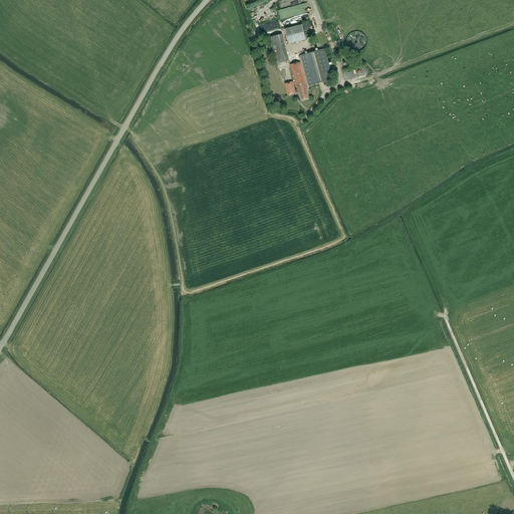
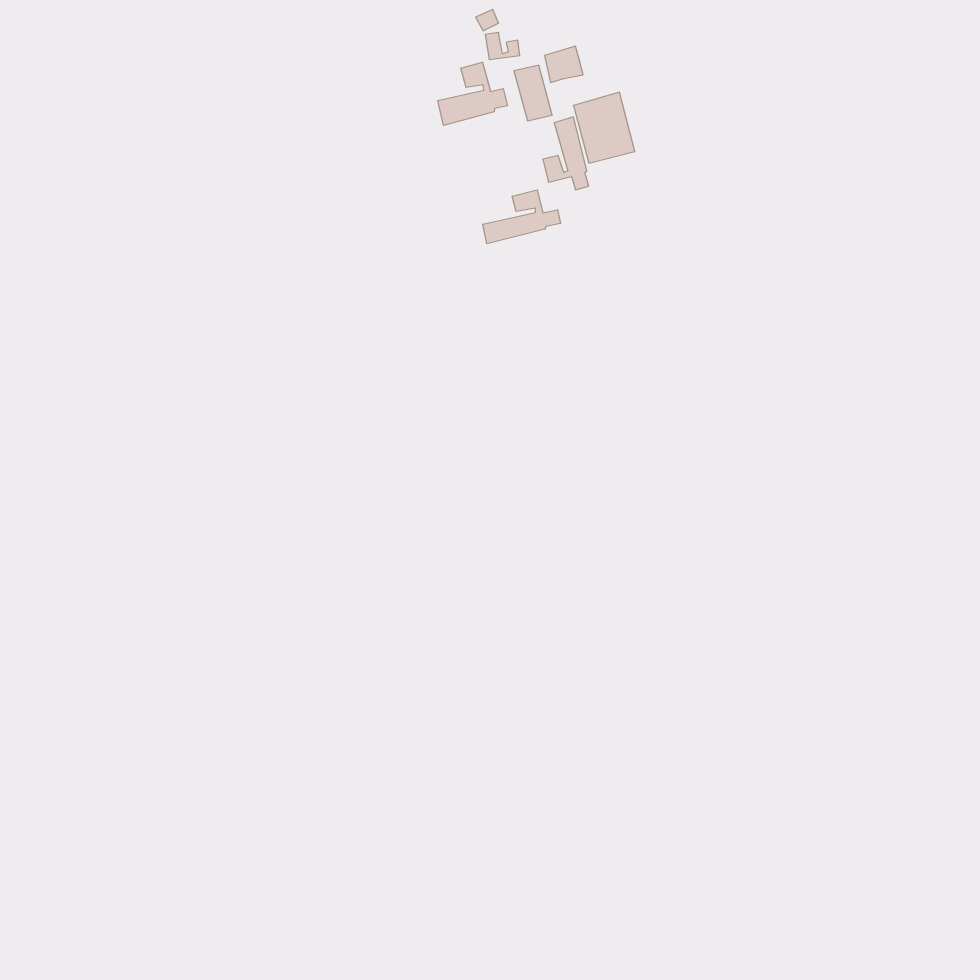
building: none -> [438,62,507,125]
building: none -> [483,190,561,244]

